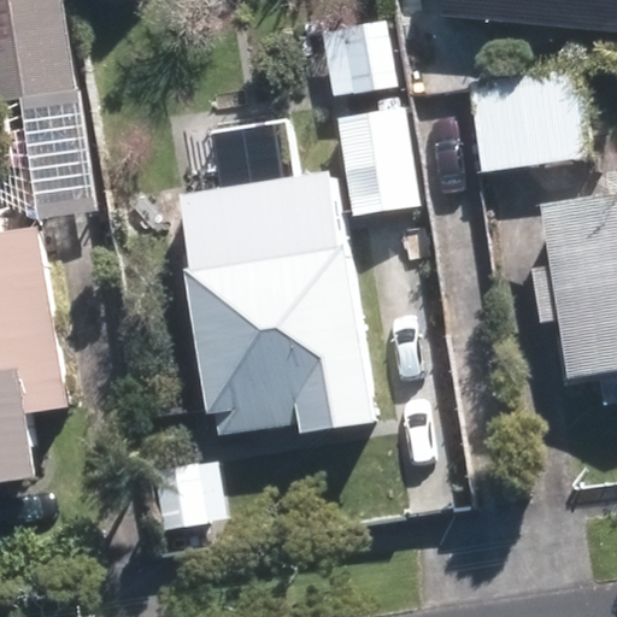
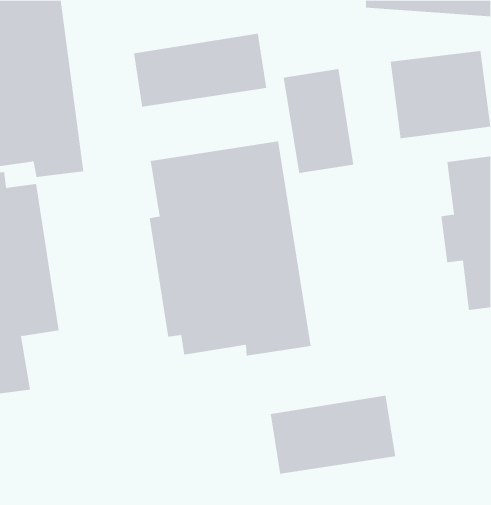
building: none -> [134,33,267,107]
building: none -> [270,395,396,475]

